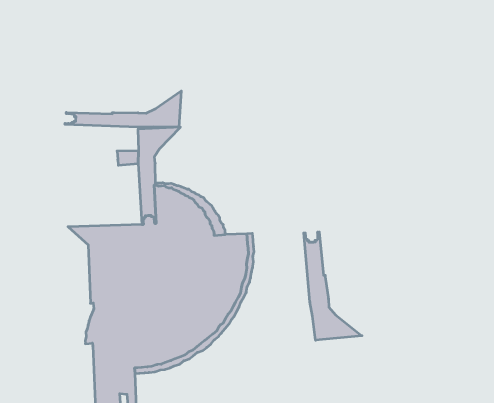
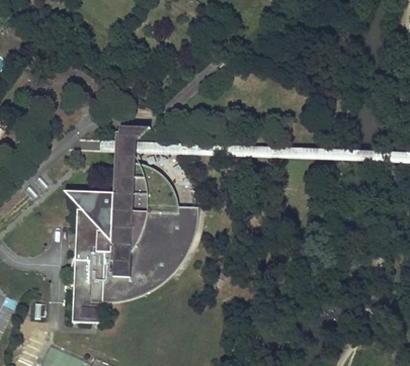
building: [65,91,181,127] -> none
building: [304,232,362,340] -> none

